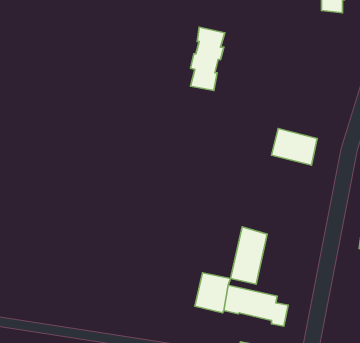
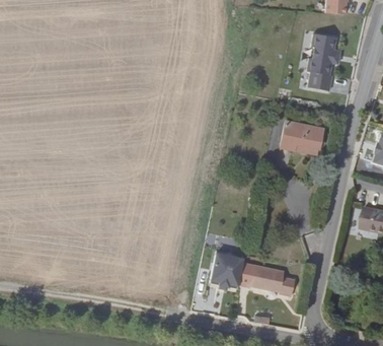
building: [190,27,225,90] -> [308,31,339,89]
building: [230,227,267,284] -> none

